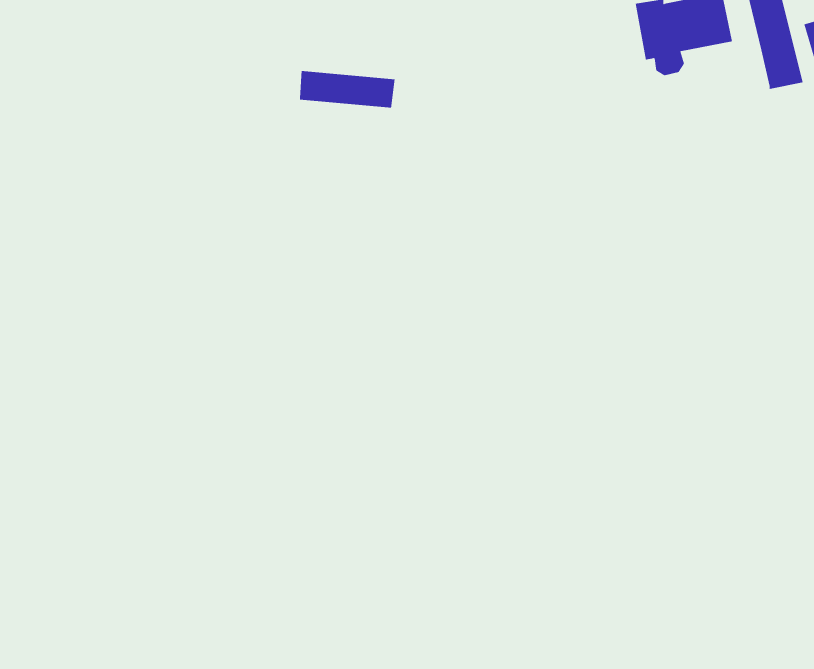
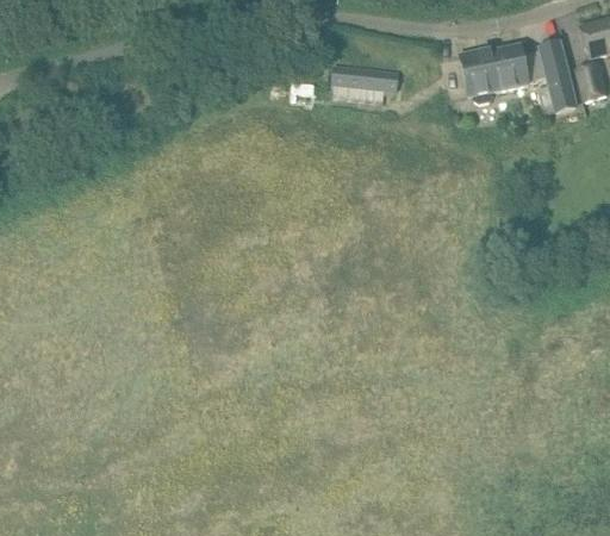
building: [299,71,395,108] -> [332,64,399,91]

